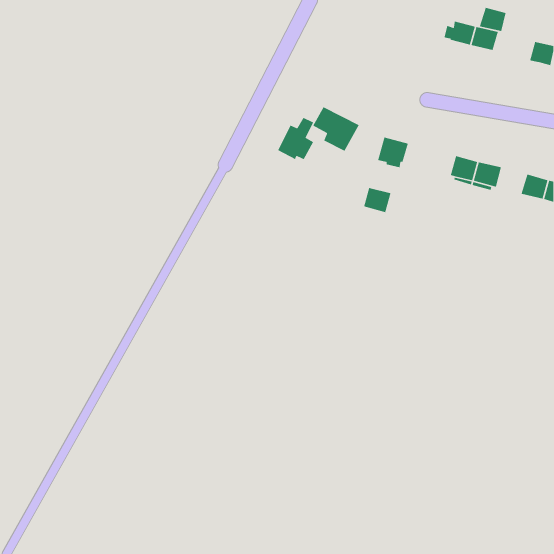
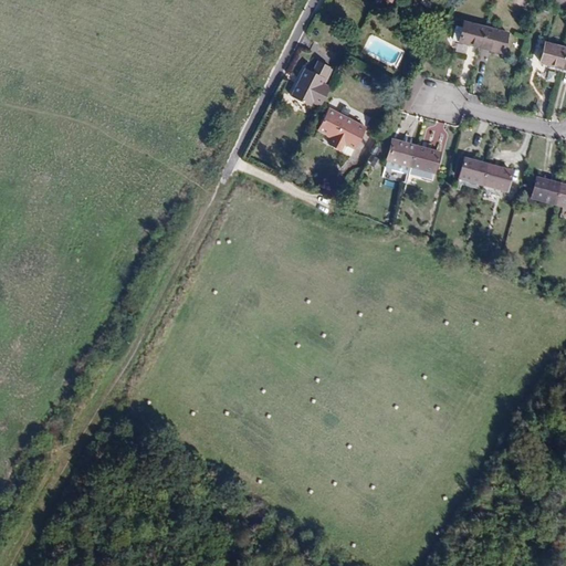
building: [479,7,506,32] -> none
building: [277,117,314,160] -> [292,61,329,105]
building: [363,187,391,213] -> [411,146,440,172]

